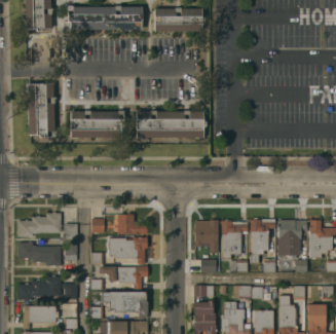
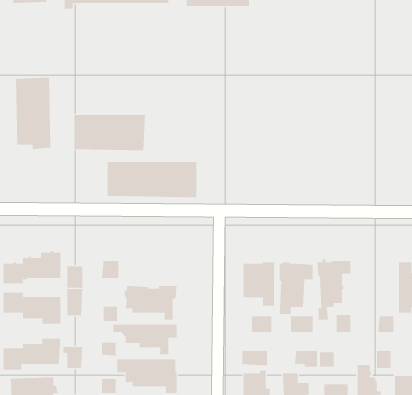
building: [136,111,202,138] -> [107,162,197,198]
building: [117,213,146,233] -> none
building: [277,220,307,258] -> none

